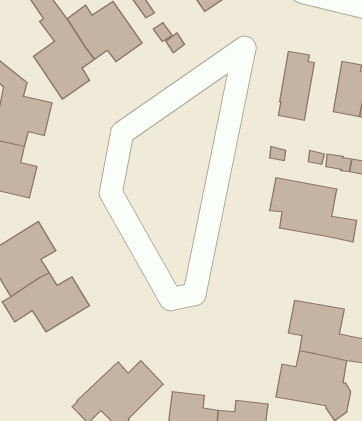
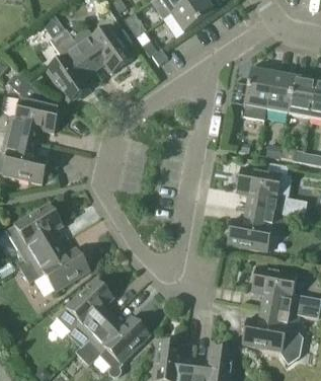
building: none -> [266,69,295,112]
building: none -> [227,209,284,251]
building: none -> [58,277,114,348]

